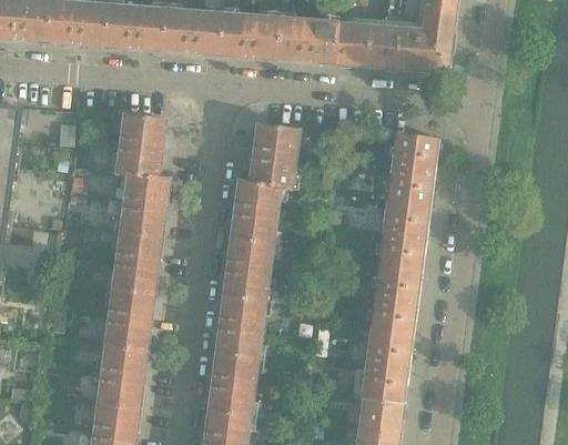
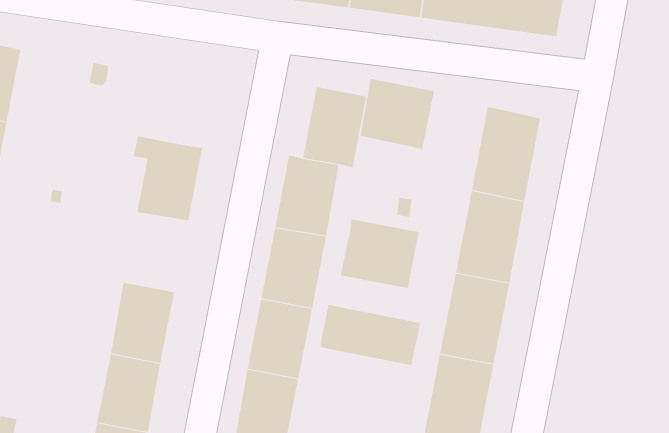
building: [111,113,165,176] -> none
building: none -> [360,78,434,150]
building: none -> [340,218,419,289]
building: [112,232,162,294] -> none
building: none -> [320,304,421,366]

